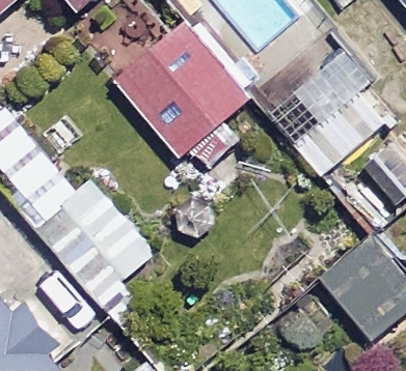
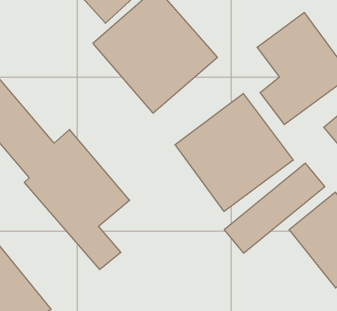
building: none -> [175,93,293,211]

